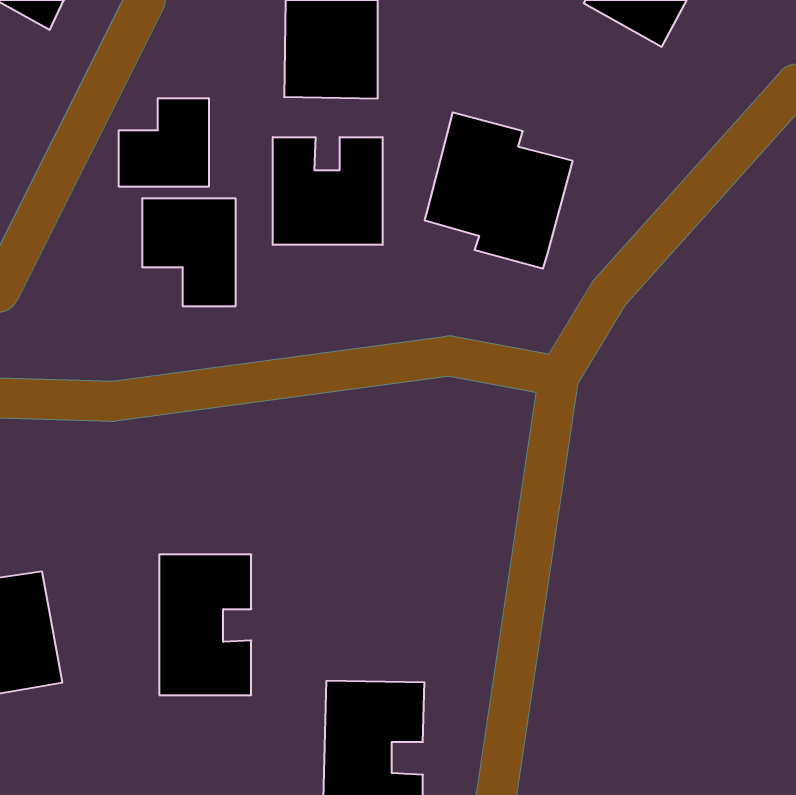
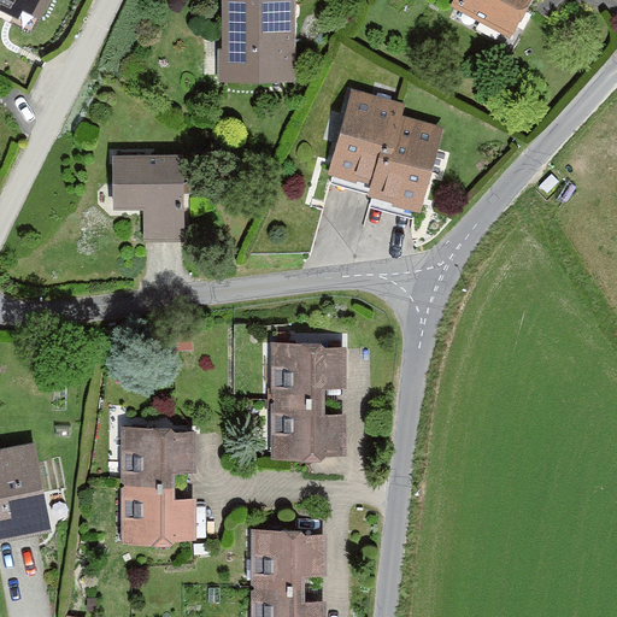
building: [119,98,209,187] -> none
building: [273,137,383,245] -> none
building: none -> [270,345,345,453]

